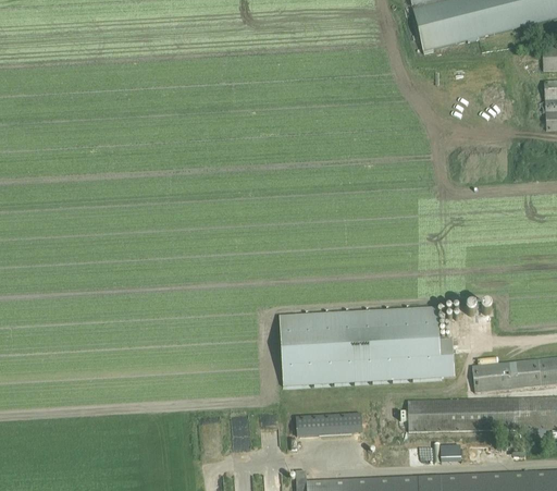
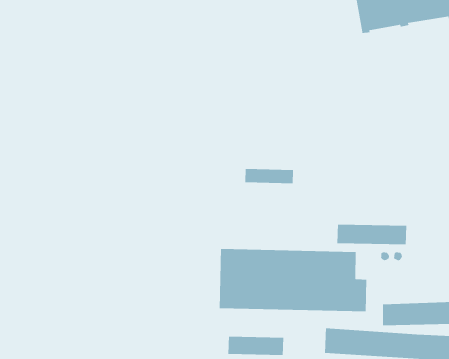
building: none -> [245,168,294,184]
building: none -> [337,224,407,245]

